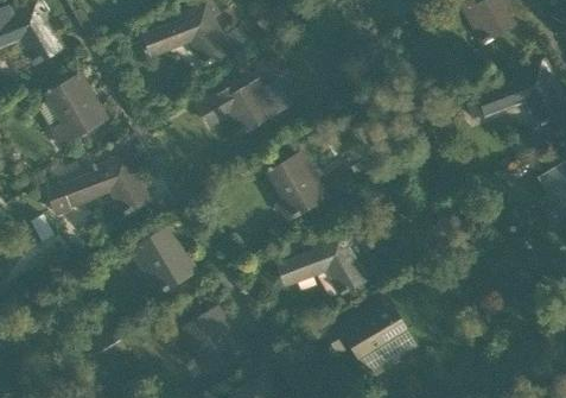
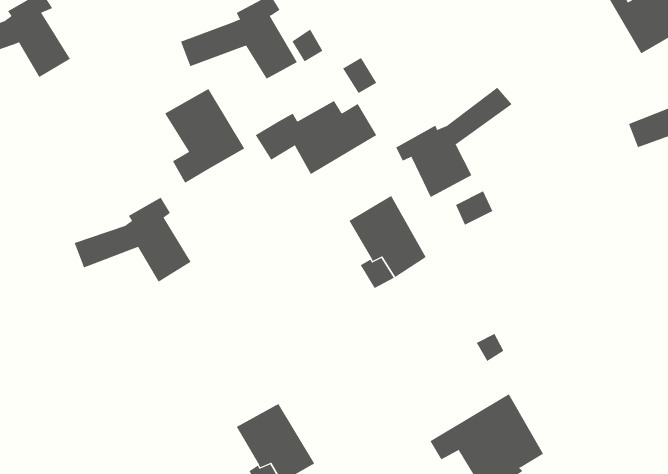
building: none -> [395,87,513,198]
building: [45,74,106,145] -> [164,88,245,183]
building: [135,227,193,293] -> none
building: [278,228,364,293] -> none

